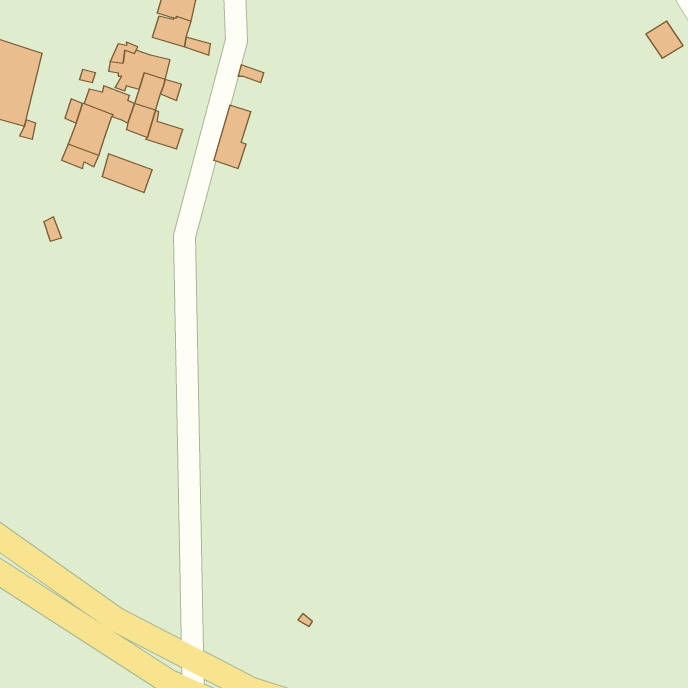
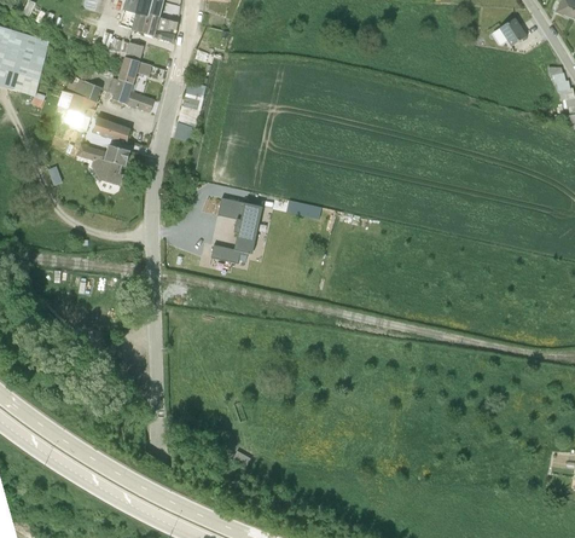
building: none -> [77,143,130,185]
building: none -> [213,198,261,260]

